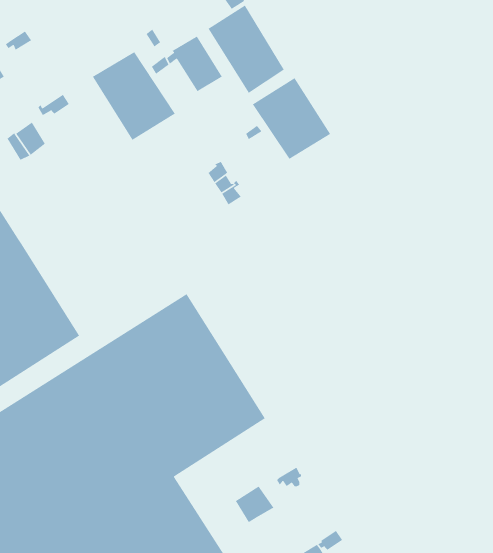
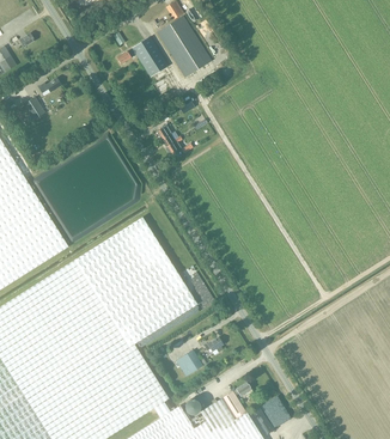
building: [92,51,176,141] -> none
building: [252,77,331,160] -> none

